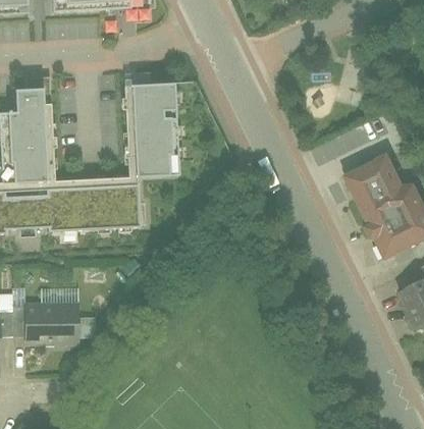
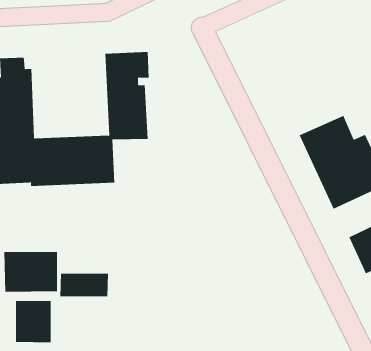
building: none -> [60,273,108,297]
building: none -> [15,300,51,343]

